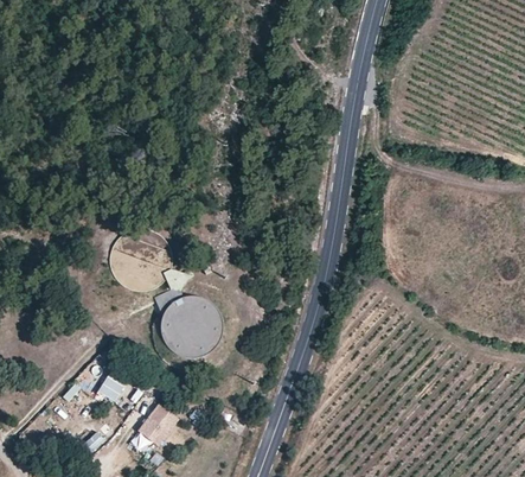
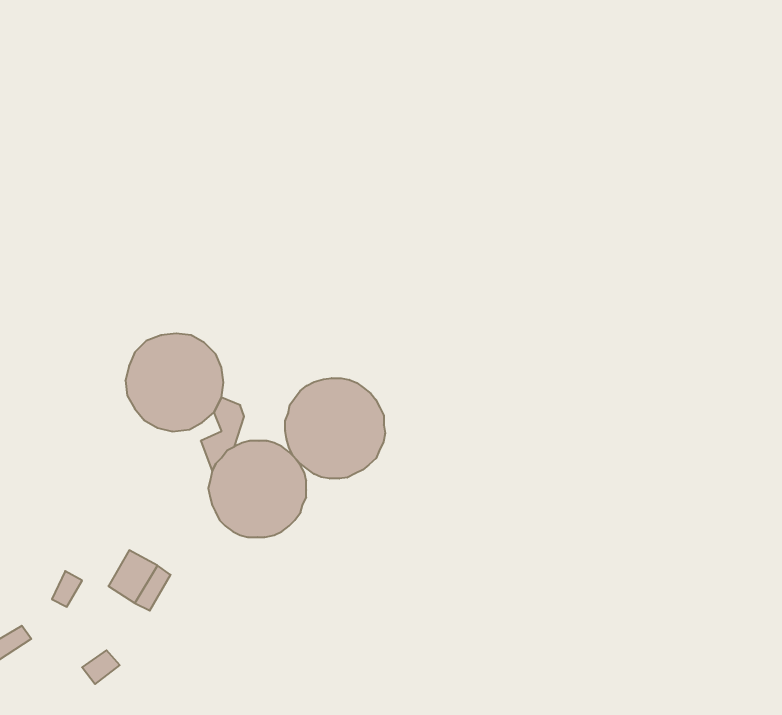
building: none -> [285,378,385,479]
building: [137,403,178,447] -> none

